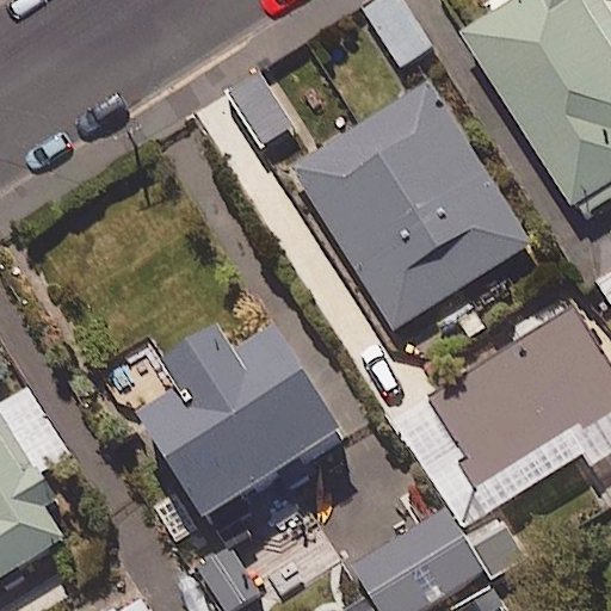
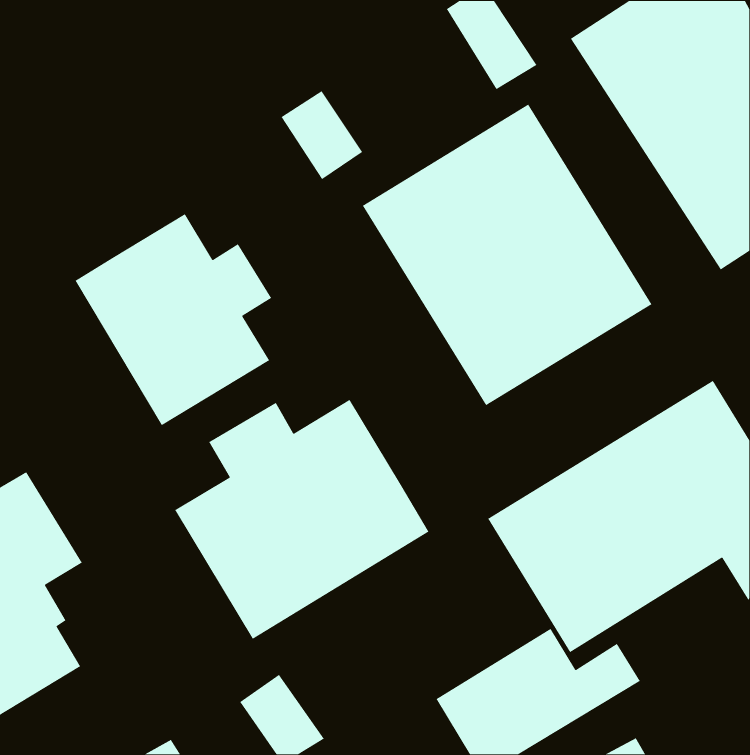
building: none -> [74,213,272,426]

